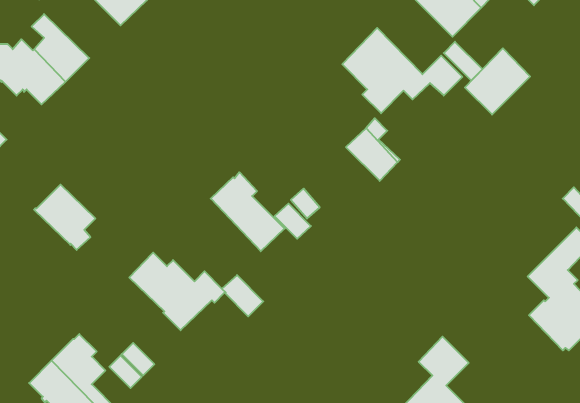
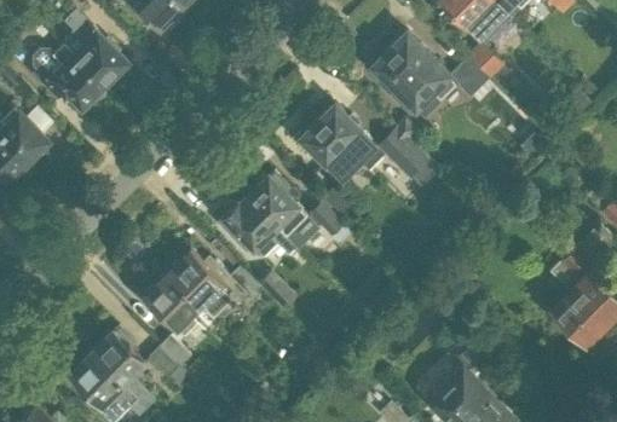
building: [465,48,530,115] -> none
building: none -> [300,105,374,181]
building: [34,185,95,250] -> [142,273,201,336]
building: none -> [217,197,294,256]

